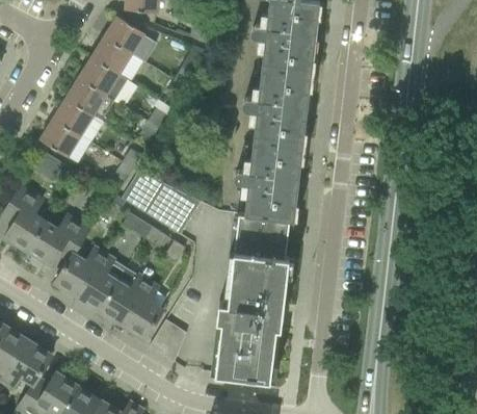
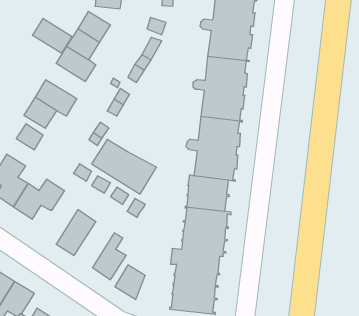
building: [67,78,114,120] -> [32,19,72,53]
building: [56,249,105,295] -> none
building: [101,268,149,324] -> none

